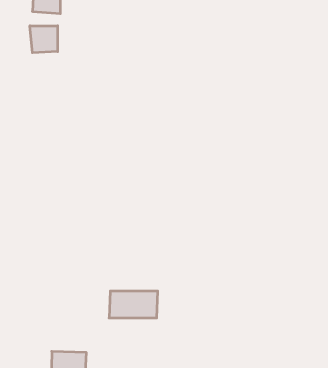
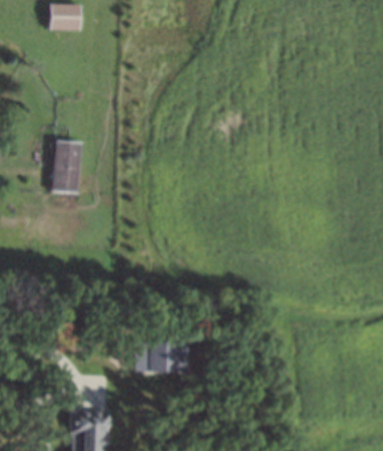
building: [30,26,58,53] -> none
building: none -> [53,141,82,193]

